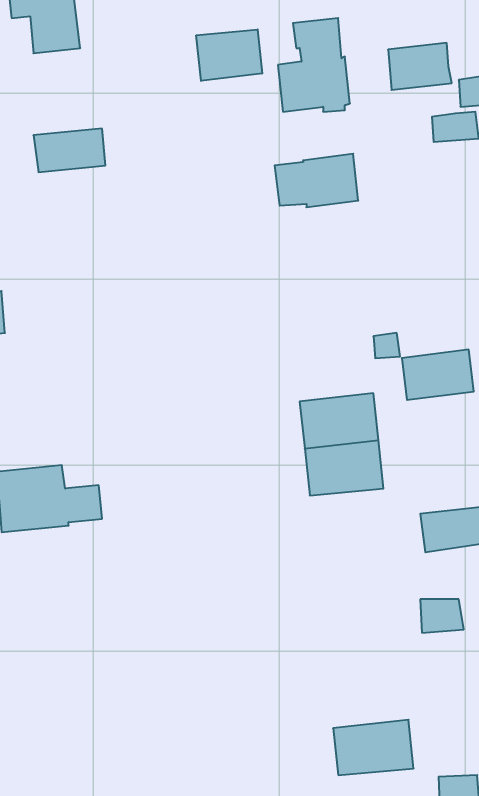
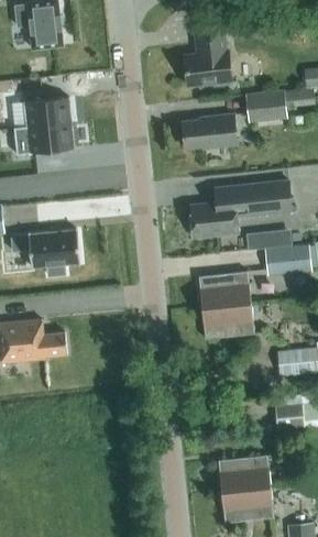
building: [196,29,262,81] -> none
building: [388,43,452,90] -> [246,90,288,121]
building: none -> [13,121,73,154]
building: none -> [190,180,290,238]
building: none -> [12,222,80,268]
building: none -> [217,454,270,491]

